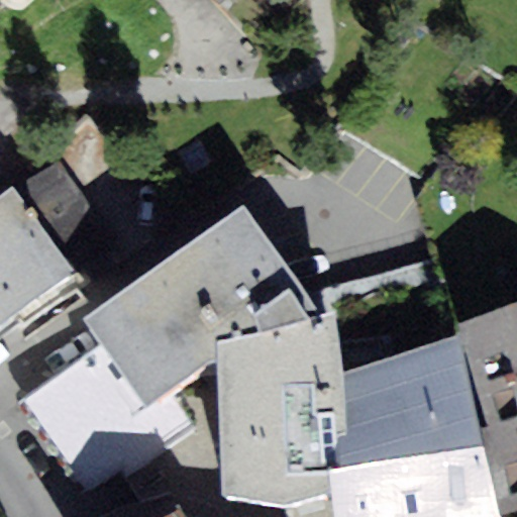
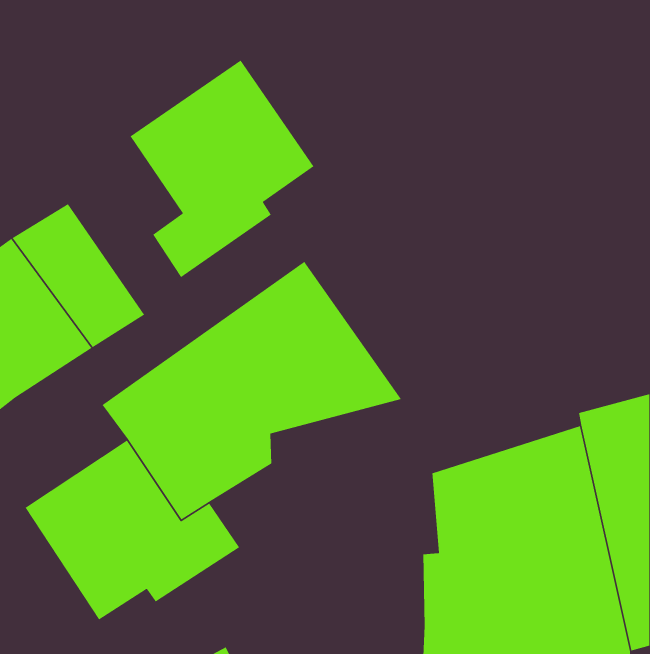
building: none -> [129,60,315,278]
building: [213,312,344,498] -> none

